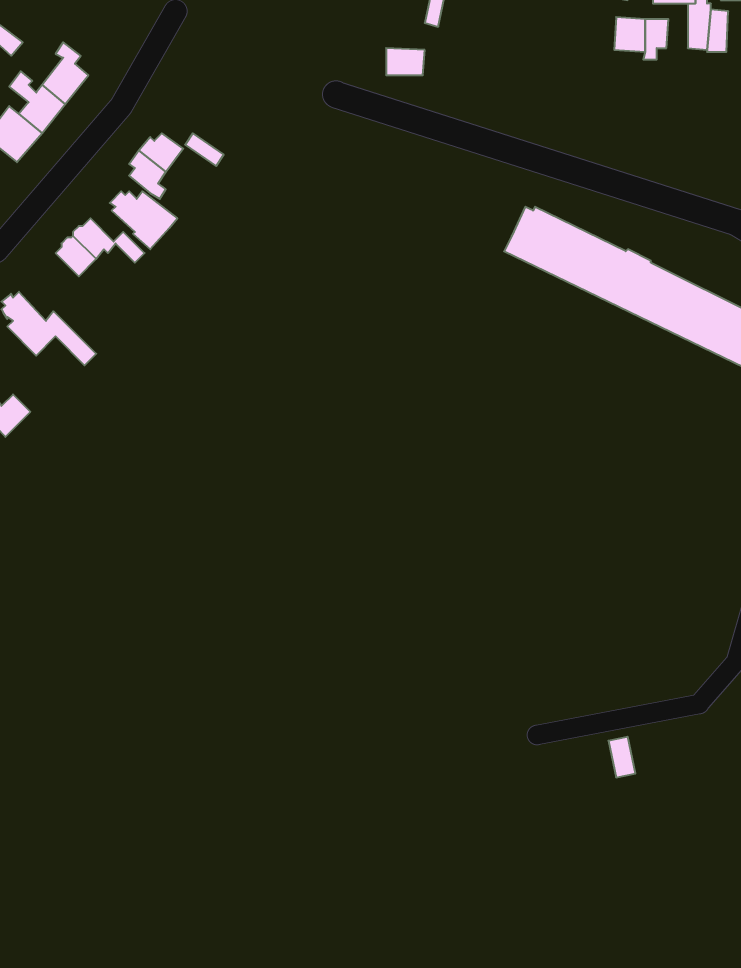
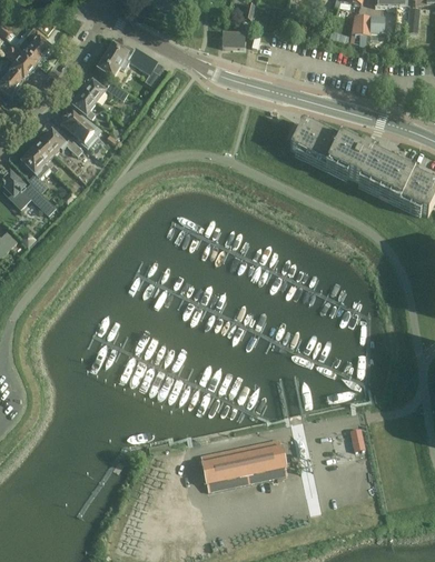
building: none -> [98,42,161,89]
building: none -> [22,148,50,191]
building: none -> [201,438,287,489]

